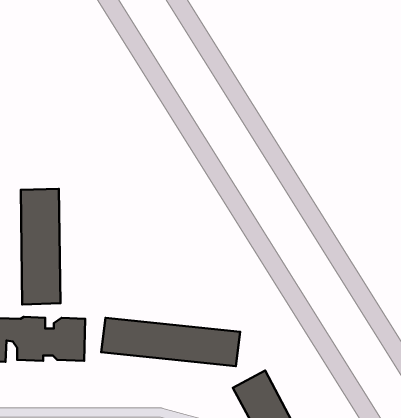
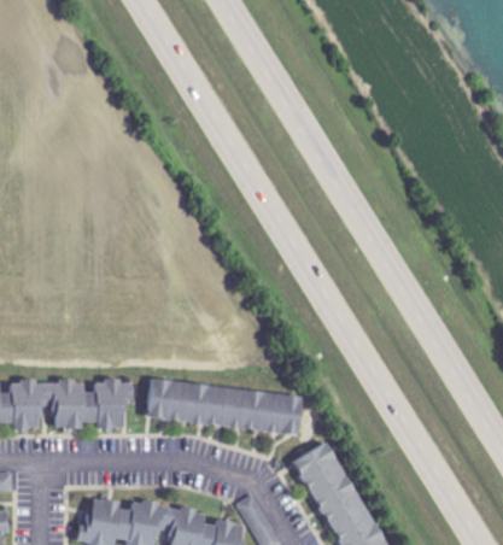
building: [21,189,61,304] -> none

